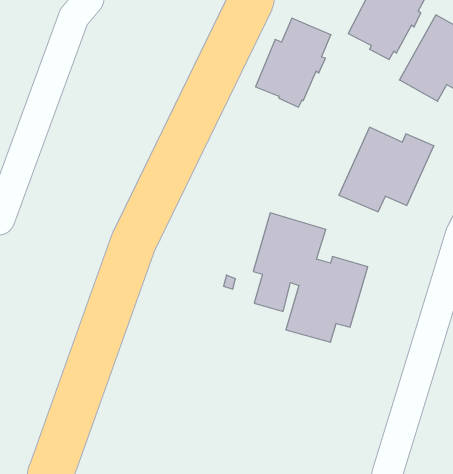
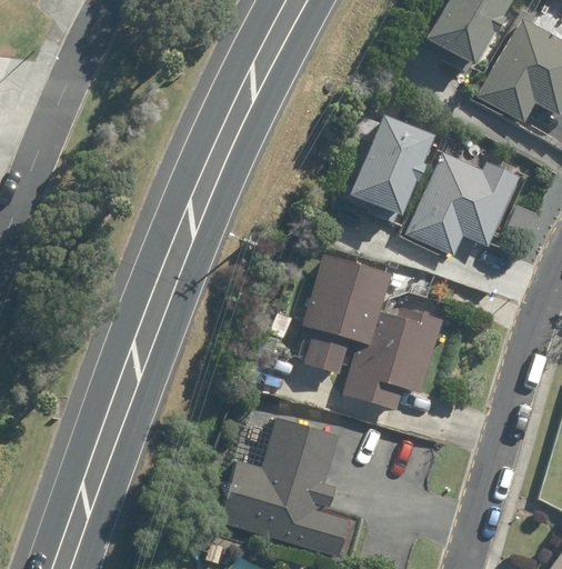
building: [256,18,331,107] -> [342,114,432,221]
building: none -> [220,417,349,556]

